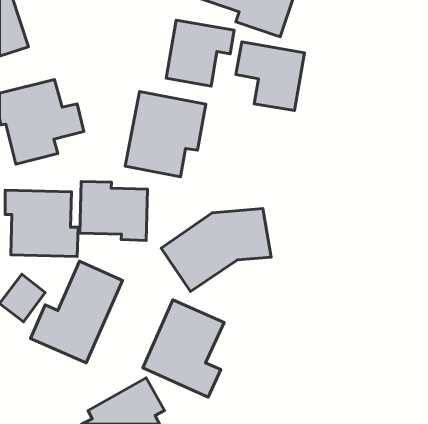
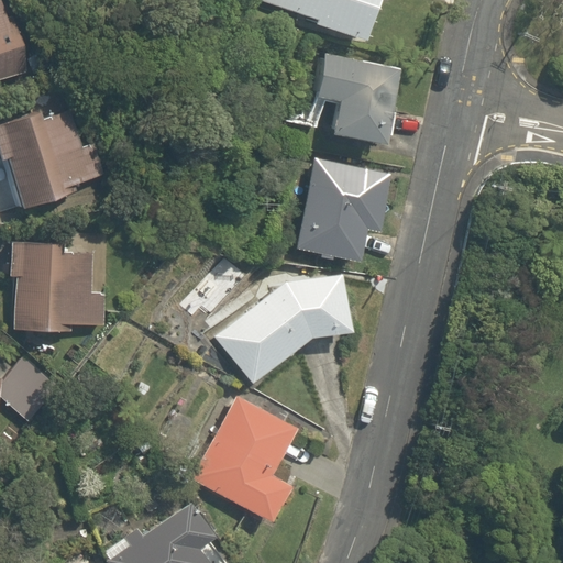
building: [166,20,234,86] -> none
building: [125,91,206,177] -> [287,153,393,265]
building: [80,182,148,241] -> none
building: [30,261,123,363] -> none

